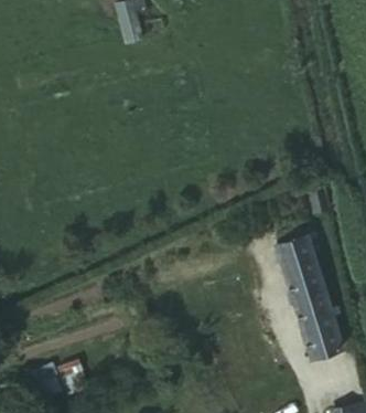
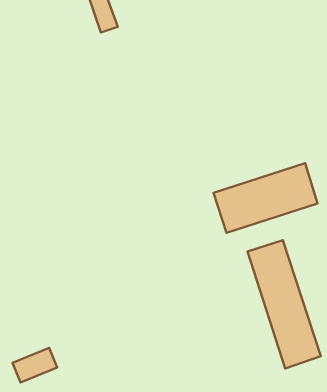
building: none -> [213,163,317,233]

